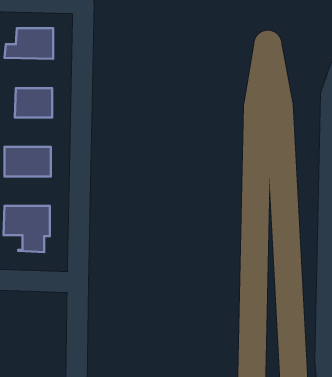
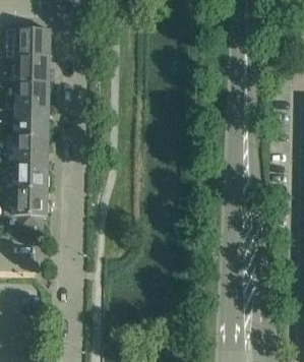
building: none -> [5,55,49,82]
building: none -> [14,109,48,135]
building: none -> [13,162,47,188]

